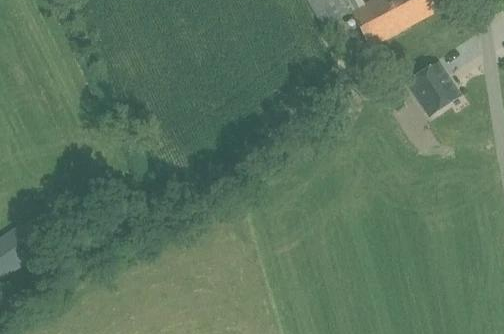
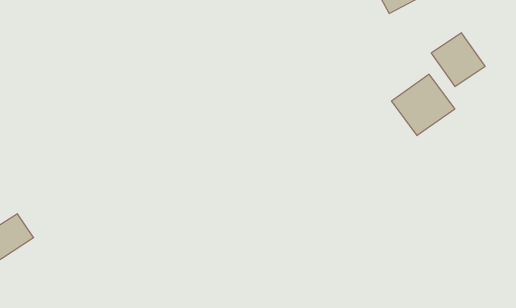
building: none -> [392,74,455,136]

